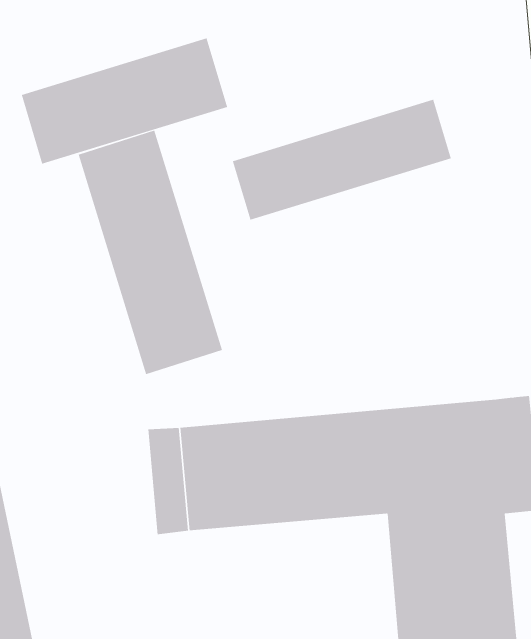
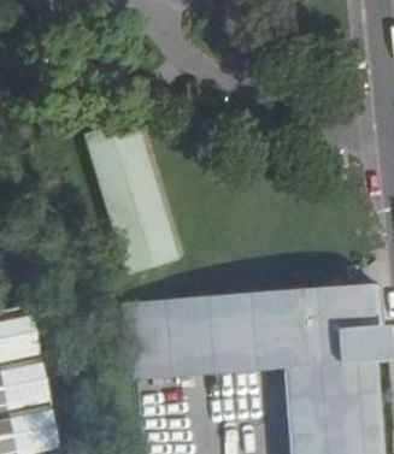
building: [21,37,228,165] -> none
building: [232,99,451,221] -> none

